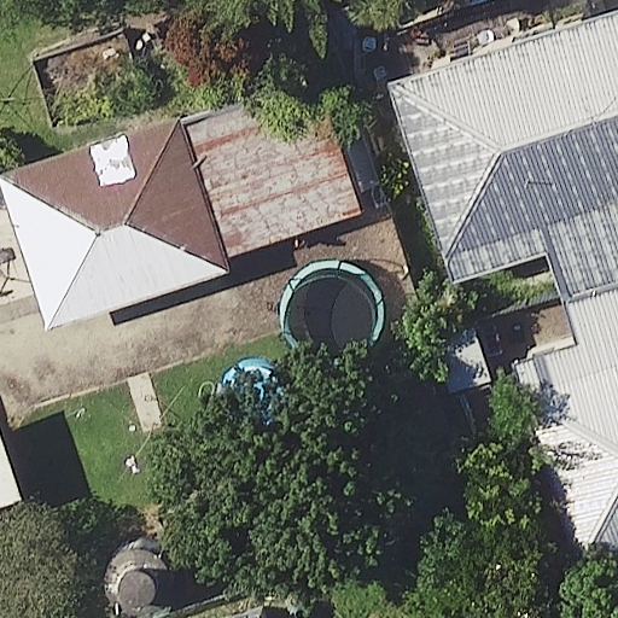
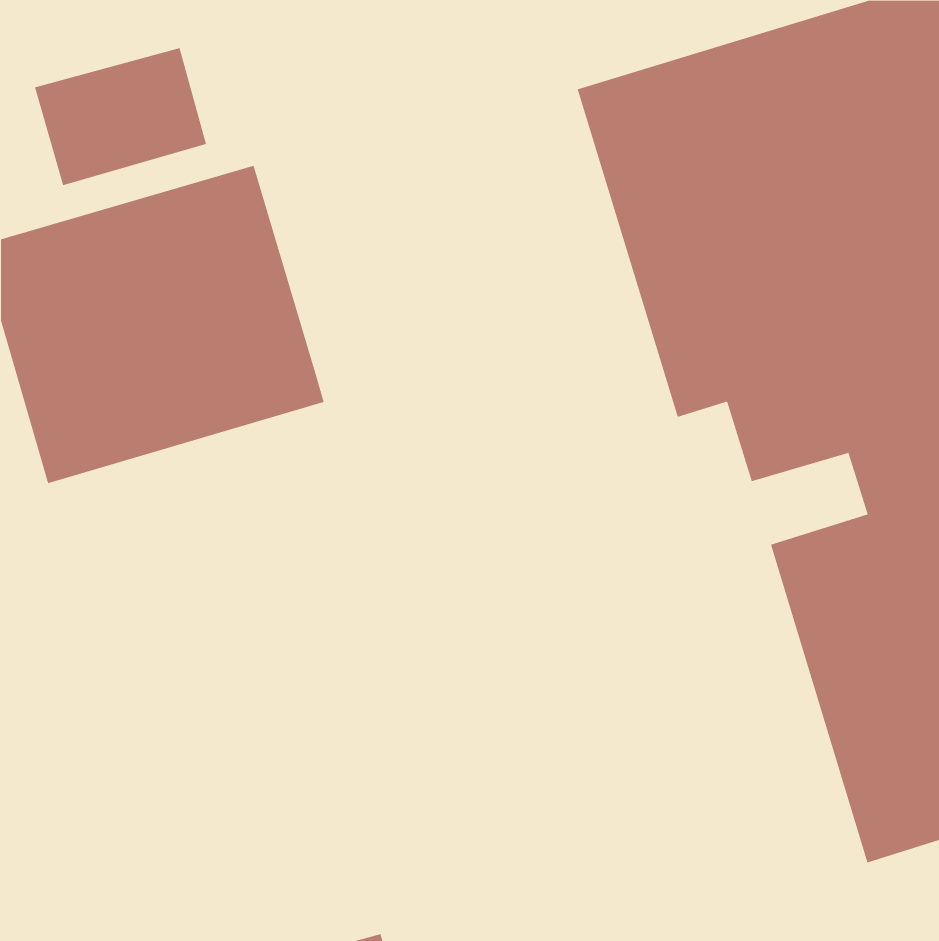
building: [181,83,360,257] -> none

